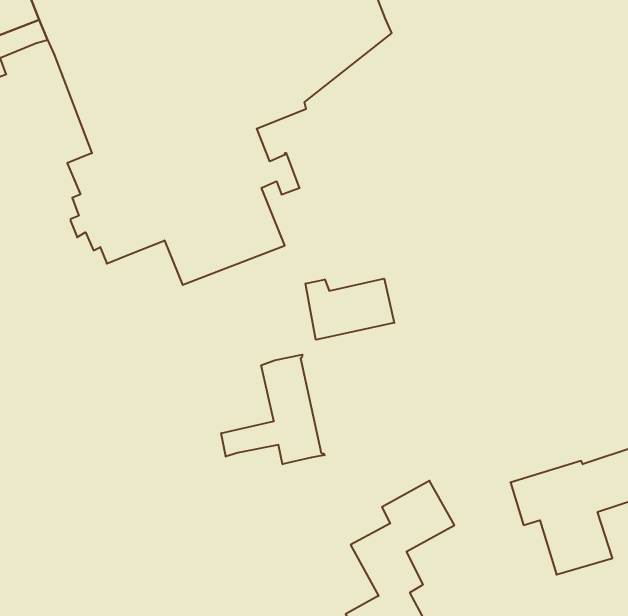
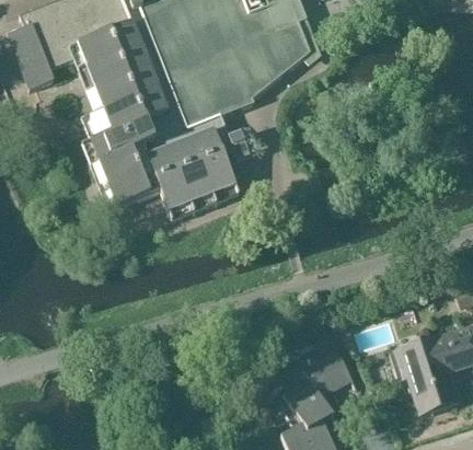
building: [306,279,394,340] -> none
building: [221,355,325,464] -> none

